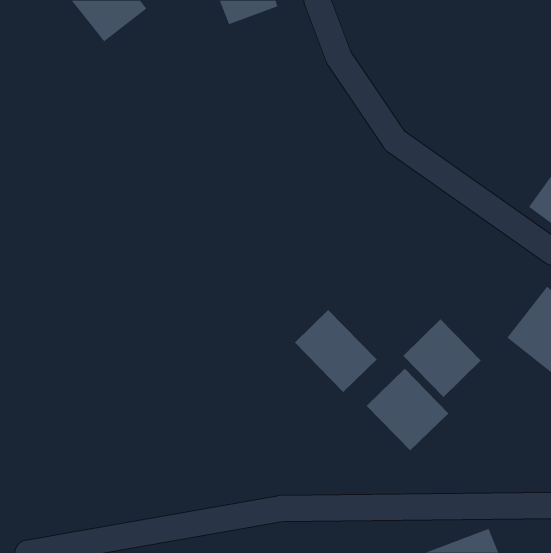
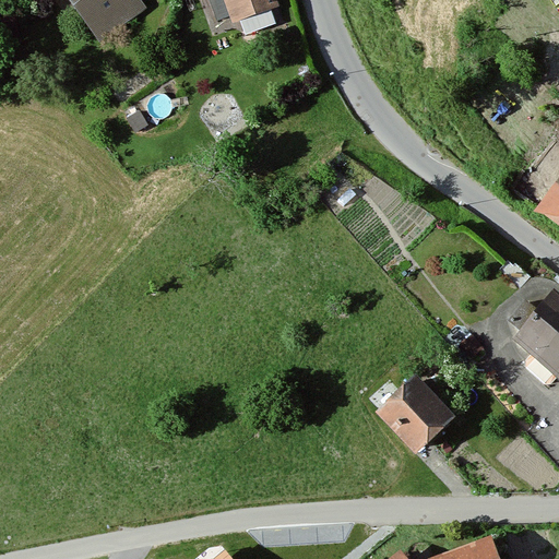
building: [294,309,377,393] -> none
building: [403,319,482,398] -> none

